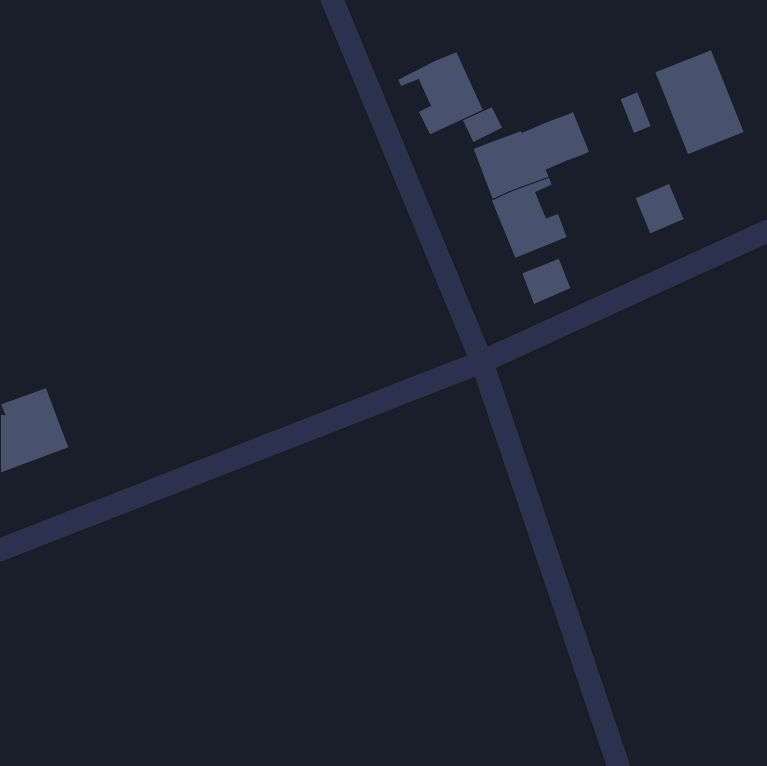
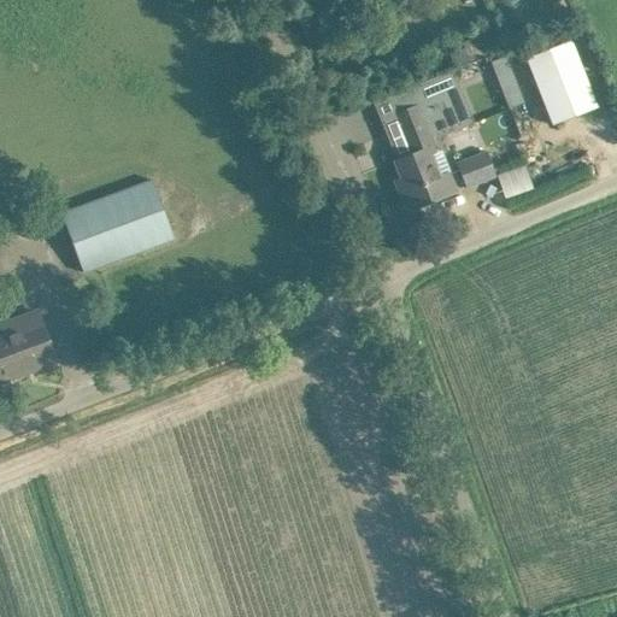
building: [397,51,484,135] -> none
building: none -> [61,180,174,271]
building: [522,258,571,305] -> [456,149,495,187]

